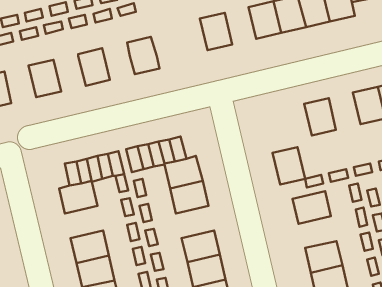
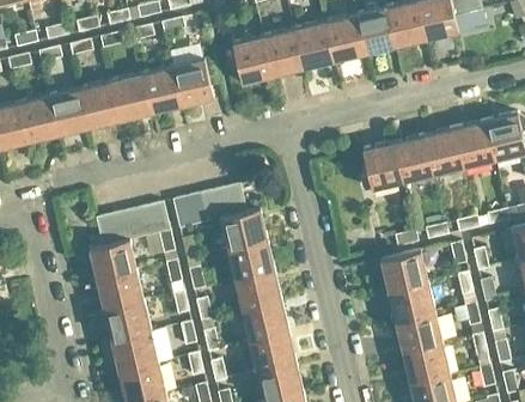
building: none -> [295,23,335,69]
building: none -> [233,37,274,84]
building: none -> [142,67,183,114]
building: none -> [81,81,122,128]
building: none -> [20,96,60,142]
building: none -> [426,129,465,176]
building: [273,147,305,185] -> [364,144,404,190]
building: none -> [96,270,144,311]
building: none -> [234,270,282,311]
building: none -> [387,284,435,323]

